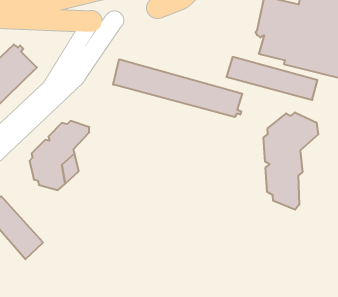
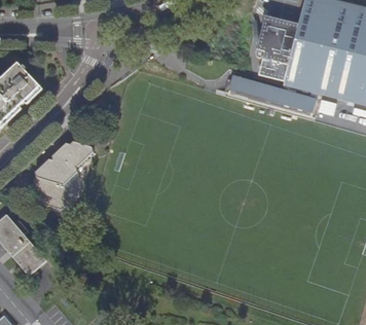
building: [113,59,242,117] -> none
building: [264,112,318,210] -> none

